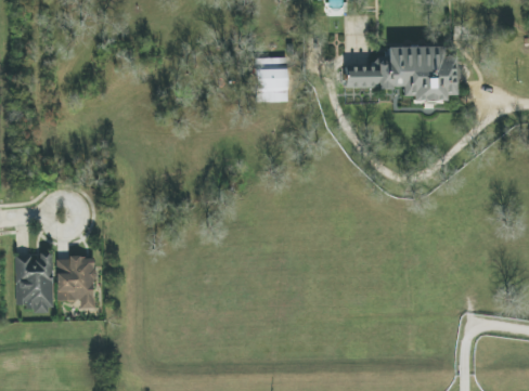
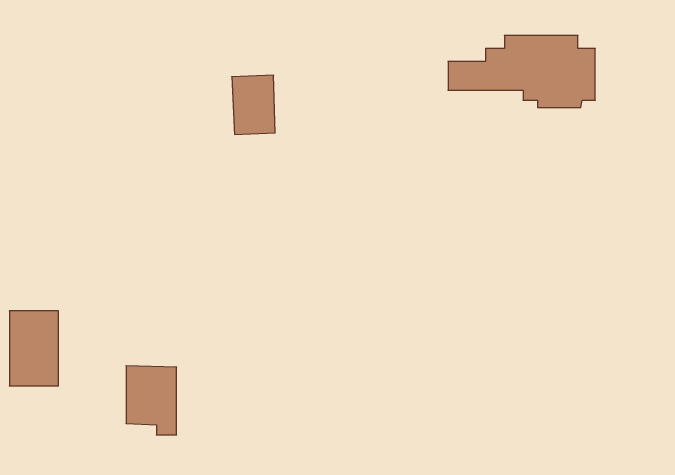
building: [255,57,287,102] -> [232,75,275,134]
building: [56,257,94,309] -> [126,366,177,435]

